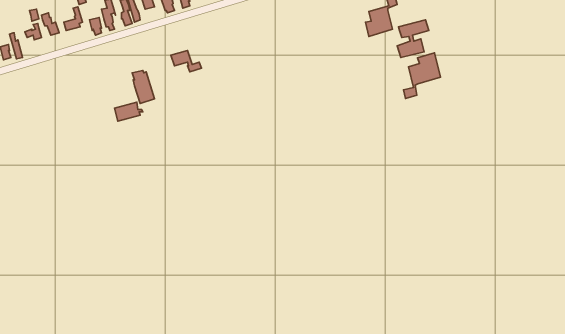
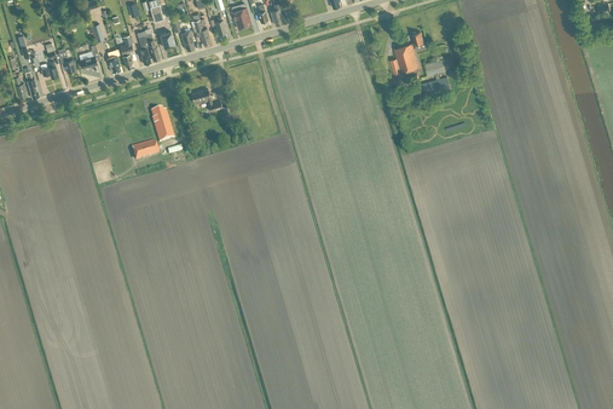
building: [403,53,440,98] -> none

